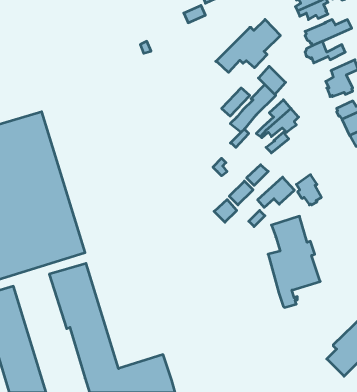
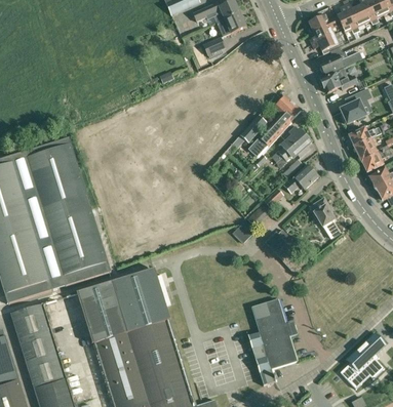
building: [216,19,280,72] -> none
building: [258,177,294,207] -> [284,164,319,193]
building: [268,216,320,307] -> [248,299,298,385]
building: none -> [112,269,185,381]

